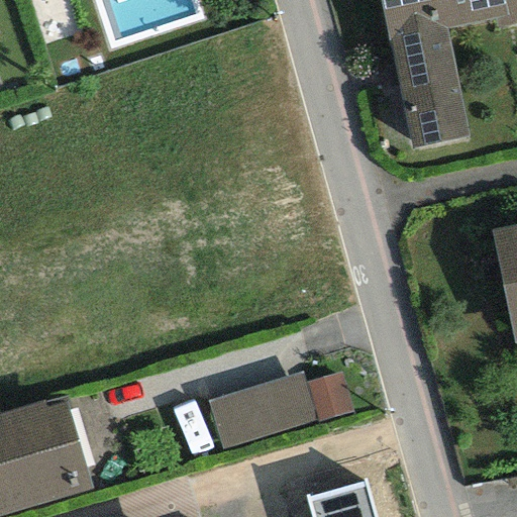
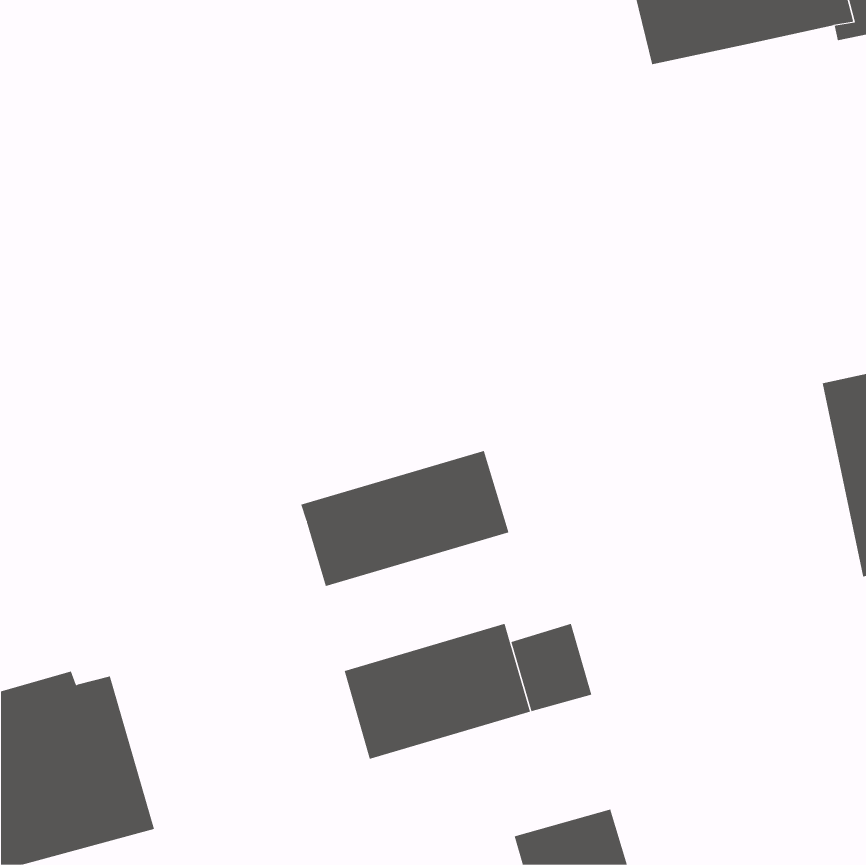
building: [389,26,469,145] -> none
building: none -> [301,450,509,587]

